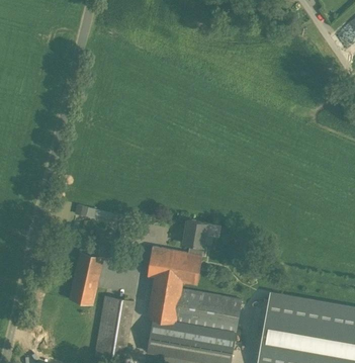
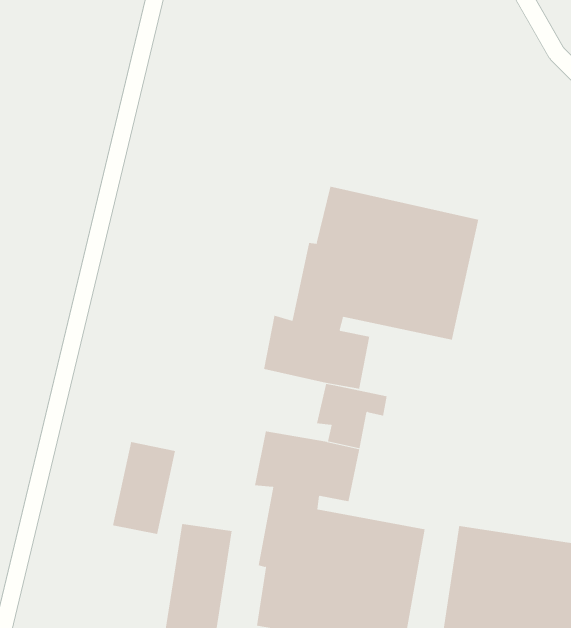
building: none -> [263,186,479,389]

